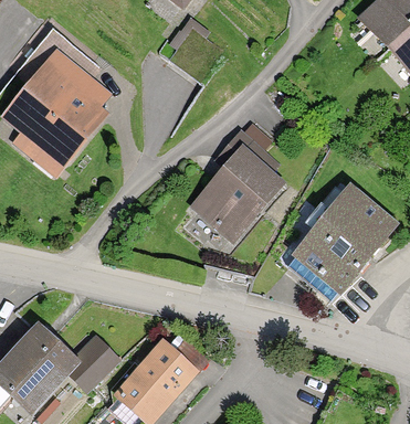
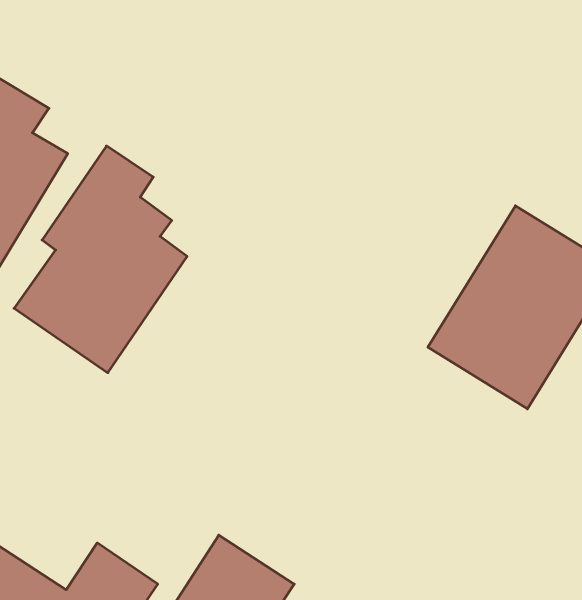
building: [190,119,290,244] -> [14,146,187,373]

